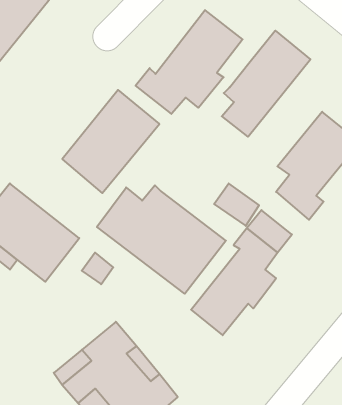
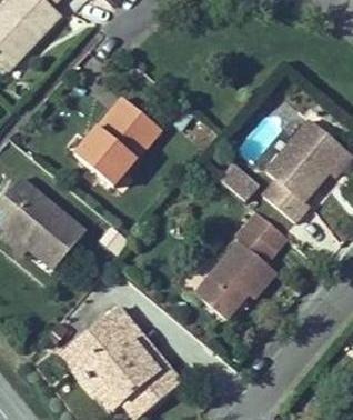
building: [136,10,243,114] -> none
building: [222,31,310,137] -> none
building: [97,185,226,294] -> none

